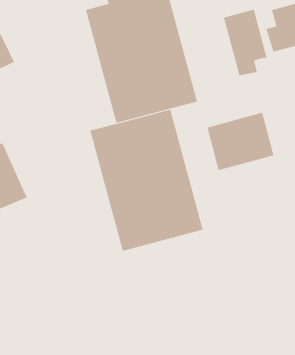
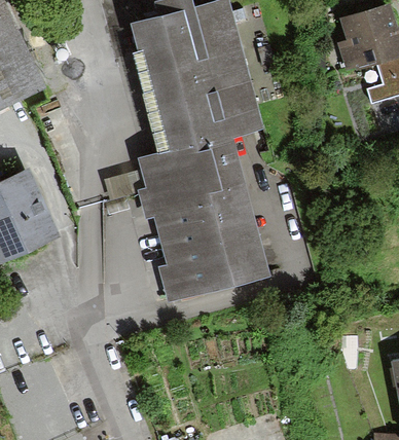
building: [223,9,267,76] -> none
building: [207,112,274,171] -> none

